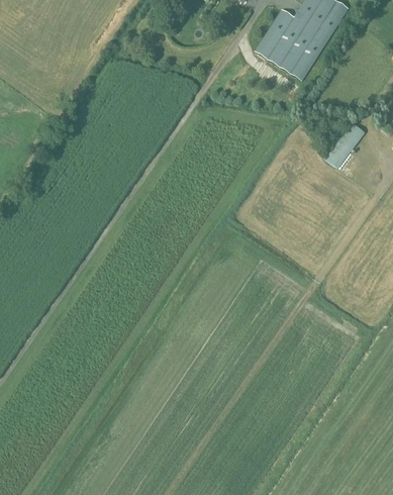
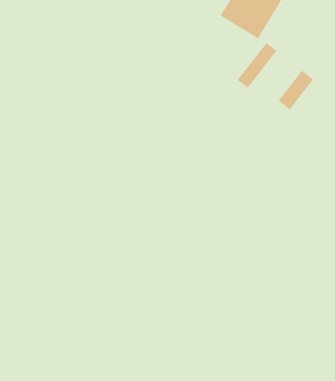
building: none -> [237,42,277,88]

